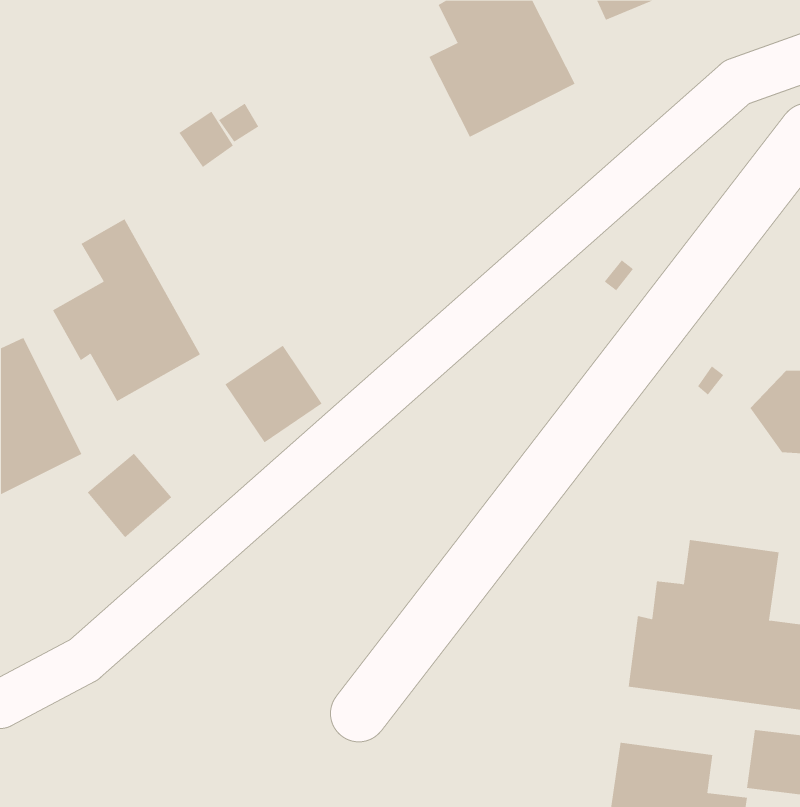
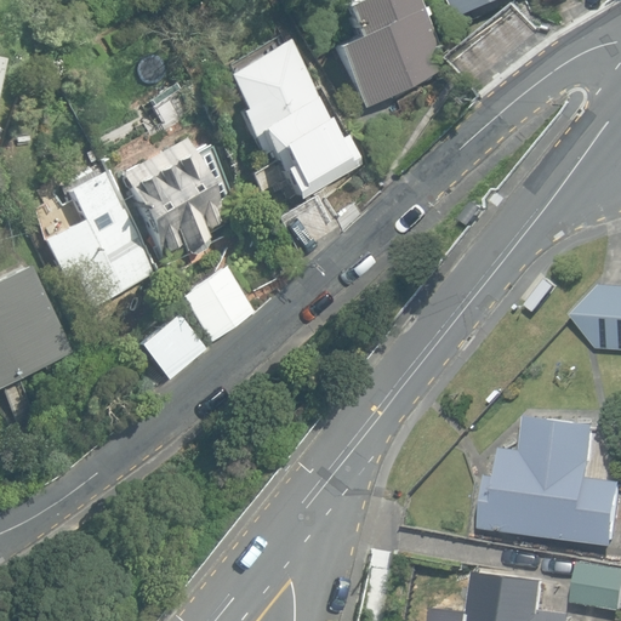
building: none -> [227,38,363,199]
building: none -> [121,137,233,261]
building: [87,453,172,538] -> [137,312,203,377]

